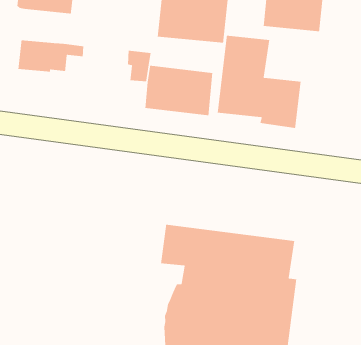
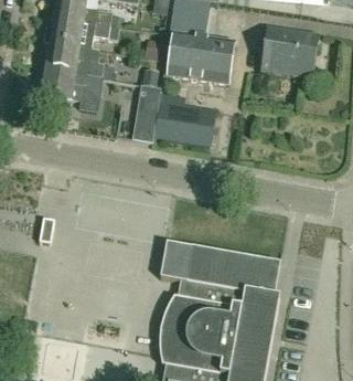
building: none -> [45,43,115,80]
building: [217,35,301,129] -> none

